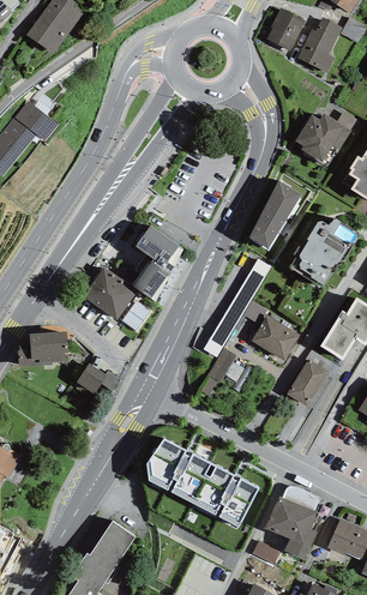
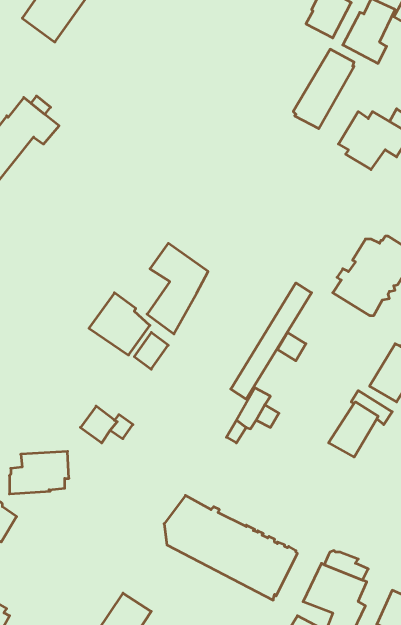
building: [247,184,299,251] -> [293,49,354,129]
building: [251,314,300,360] -> none
building: [18,330,68,366] -> [9,451,69,494]

